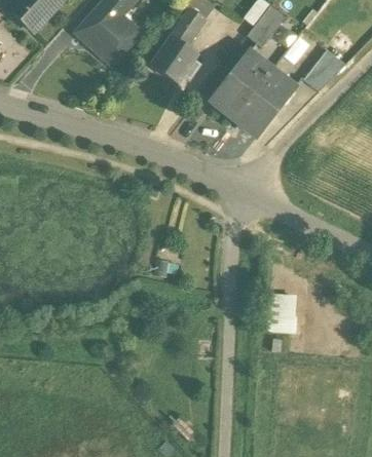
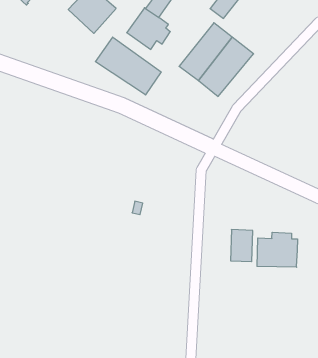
building: [304,50,345,91] -> none
building: none -> [95,37,161,95]
building: none -> [257,232,297,267]

